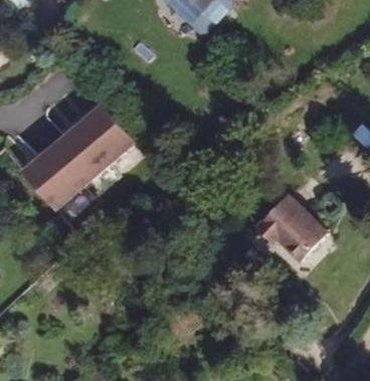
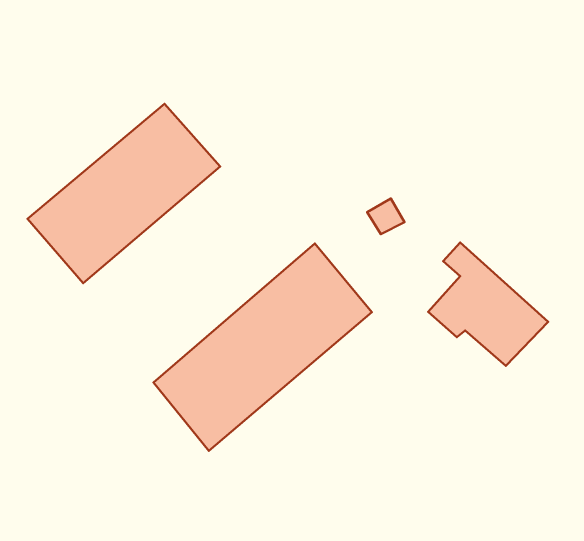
building: none -> [154,244,372,451]

